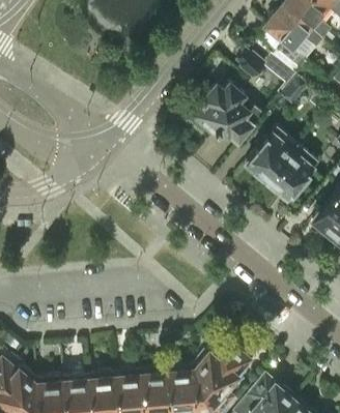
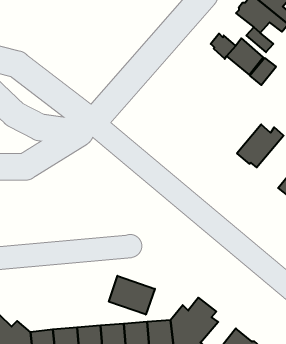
building: [197,84,253,142] -> none
building: [247,126,293,181] -> none
building: none -> [109,276,155,315]

